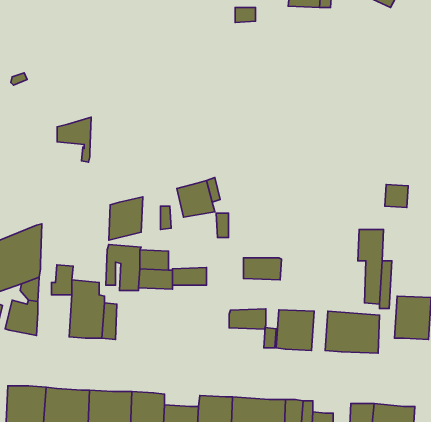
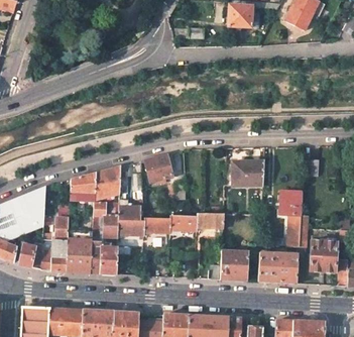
building: [57,117,91,162] -> [72,174,97,207]
building: none -> [230,160,263,187]
building: none -> [42,240,69,271]
building: none -> [101,242,118,274]
building: [229,309,266,329] -> [168,216,196,231]

